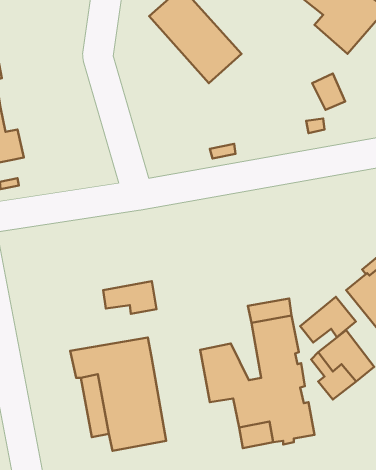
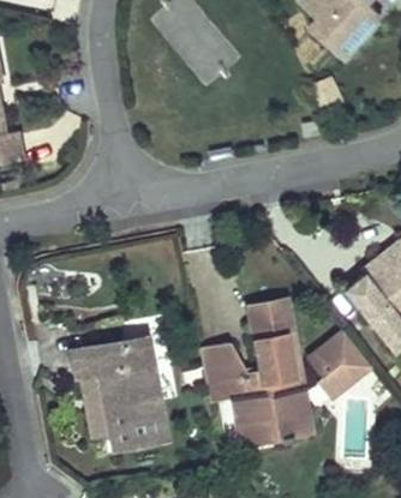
building: [103,281,156,314] -> none
building: [300,297,356,342] -> none

